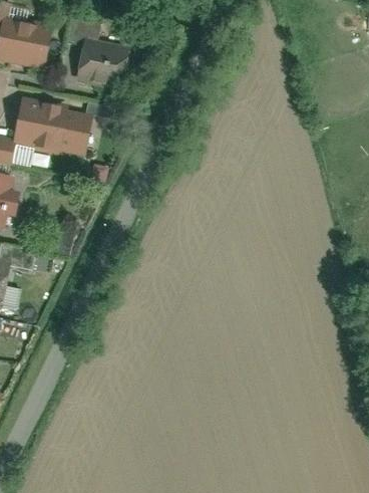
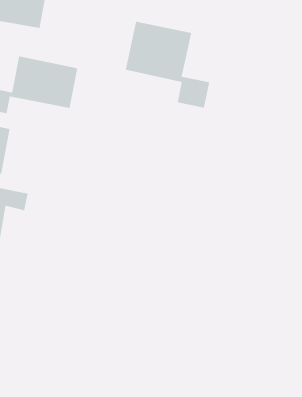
building: [73,43,123,89] -> none
building: none -> [125,21,210,109]

